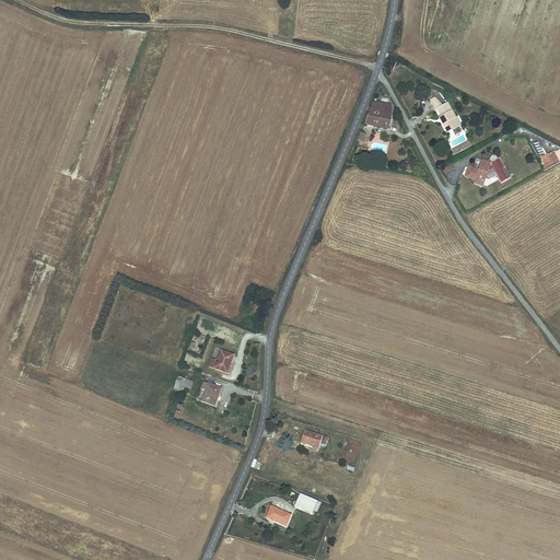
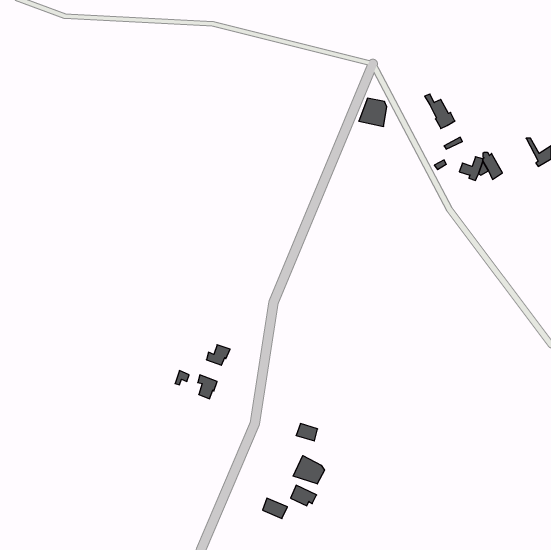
building: none -> [293,456,324,484]

